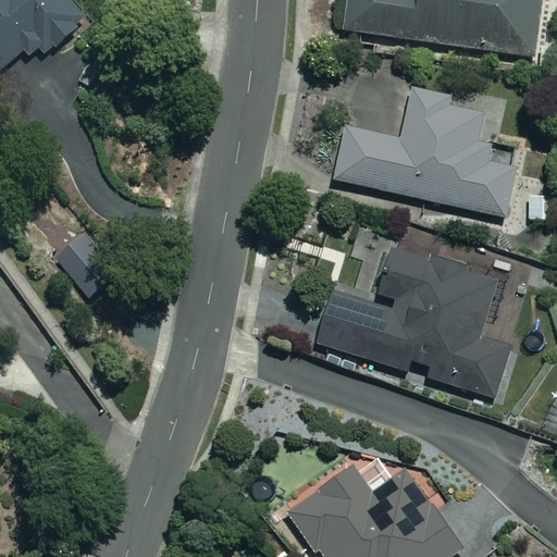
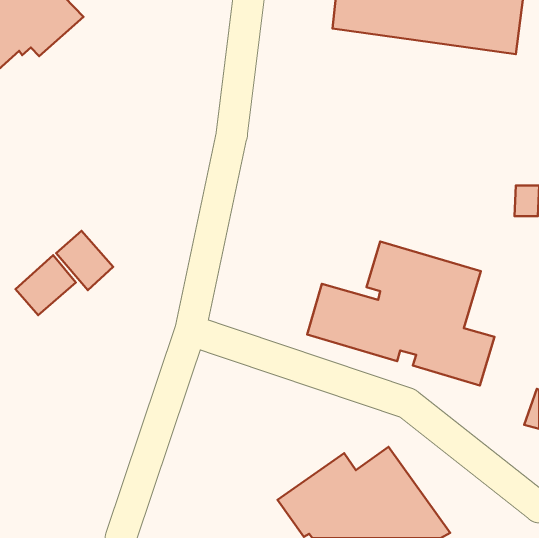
building: [334,87,517,216] -> none
building: none -> [16,255,76,315]

